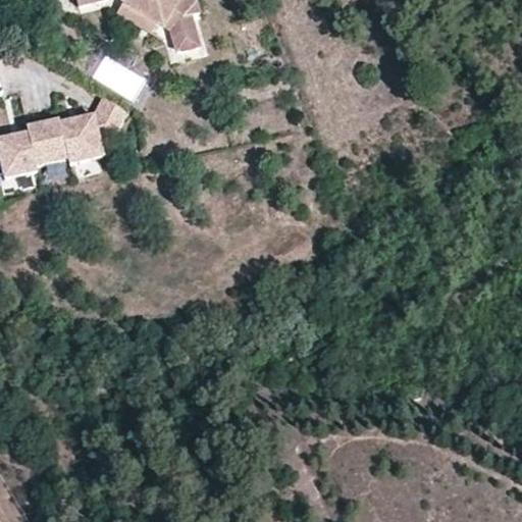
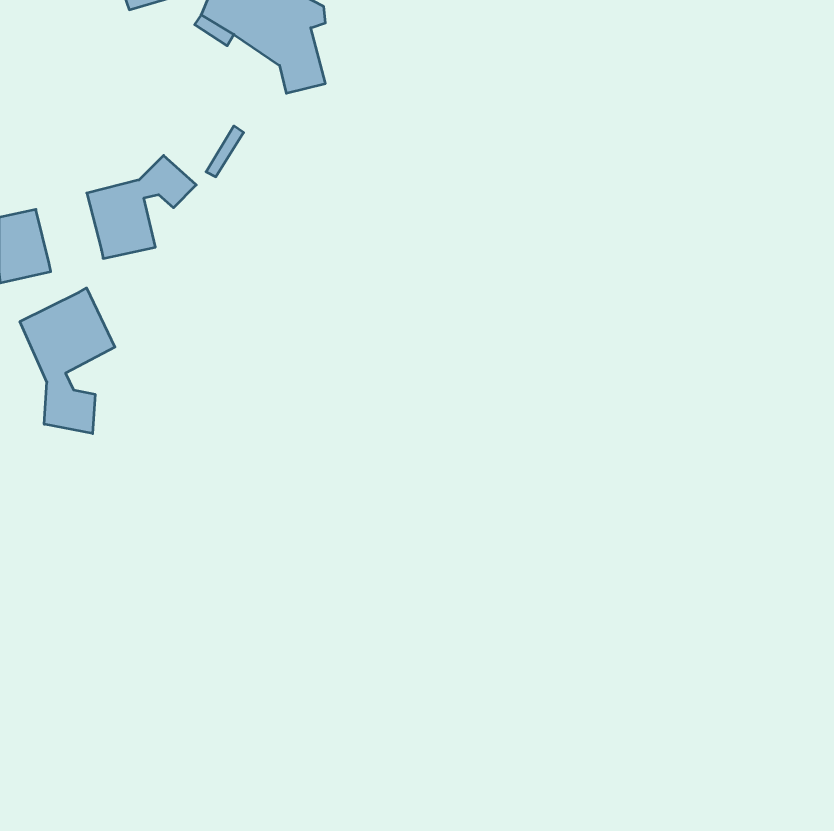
building: [21,117,63,164] -> none
building: none -> [20,288,115,434]

